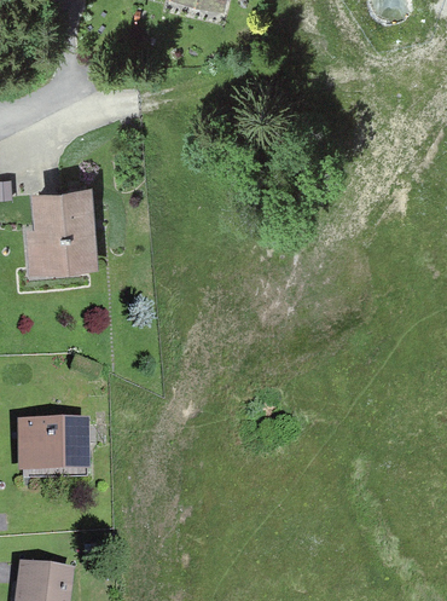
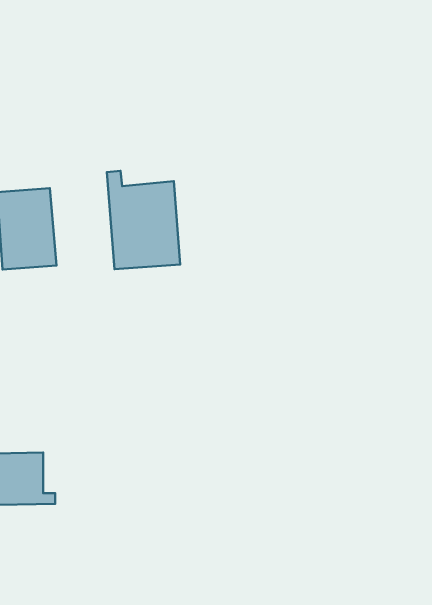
building: none -> [107,171,180,269]

